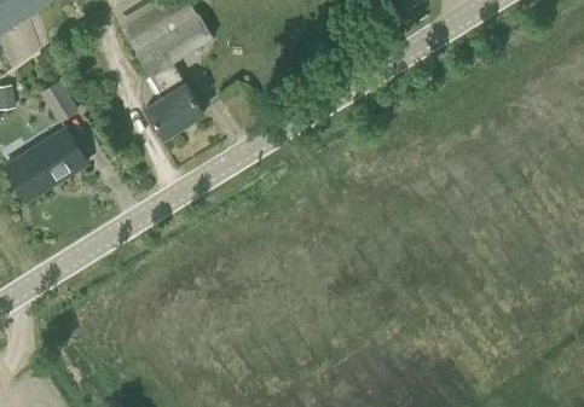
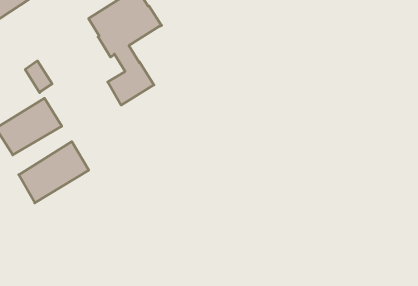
building: none -> [19,142,89,203]

